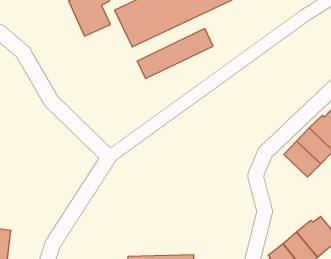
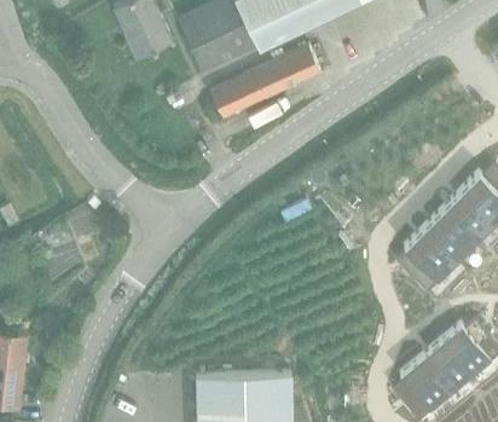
building: none -> [398,231,457,294]

